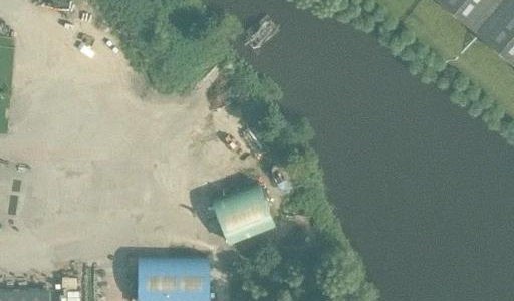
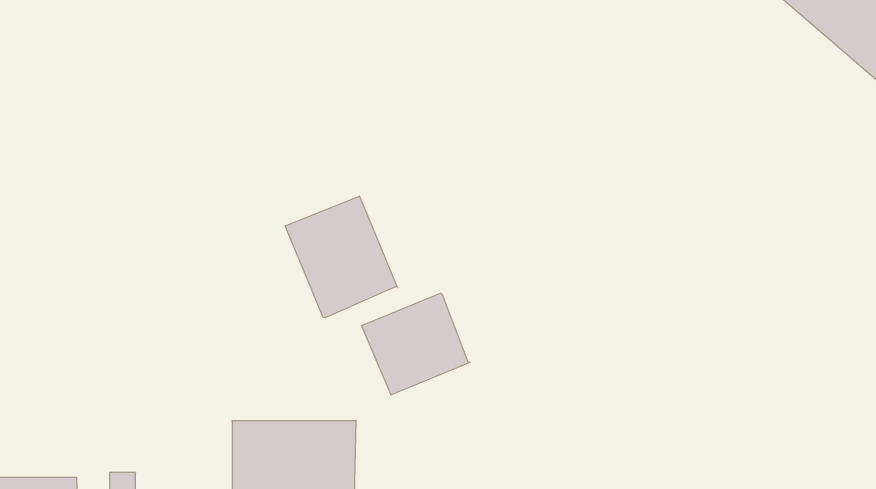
building: none -> [285,196,397,318]

